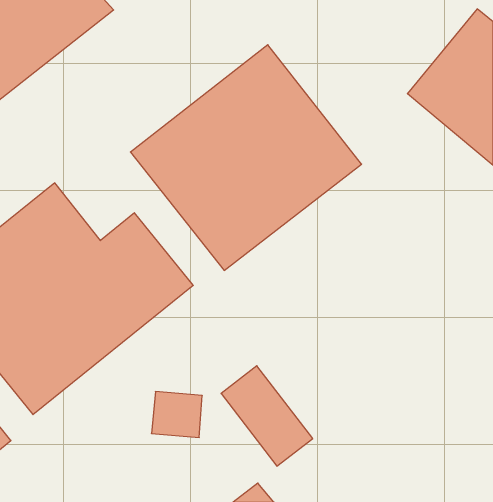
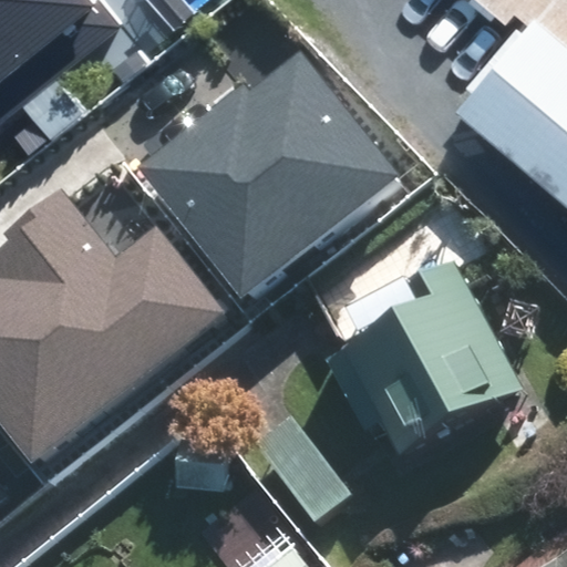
building: none -> [316,256,520,452]

